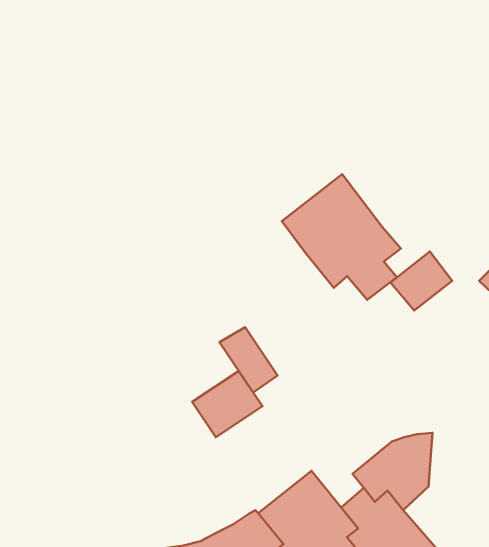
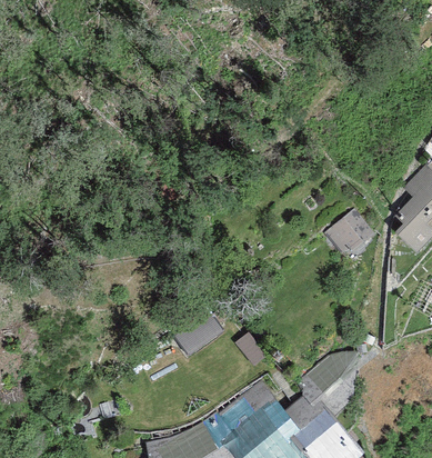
building: [282,174,401,300] -> none
building: [220,327,277,393] -> none

